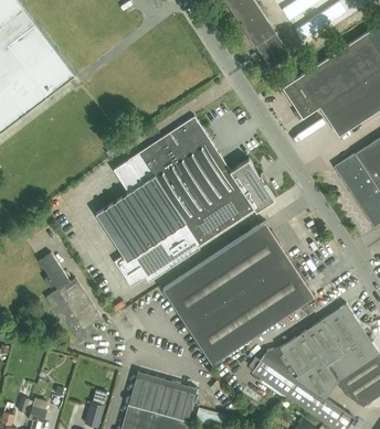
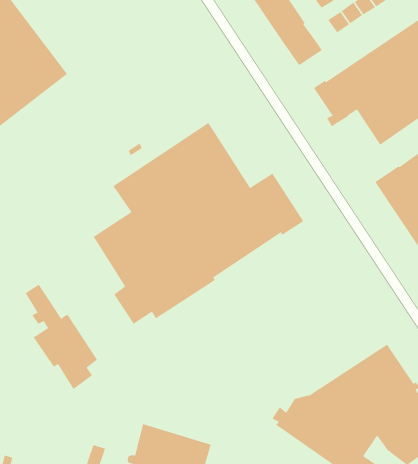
building: [162,222,314,363] -> none

